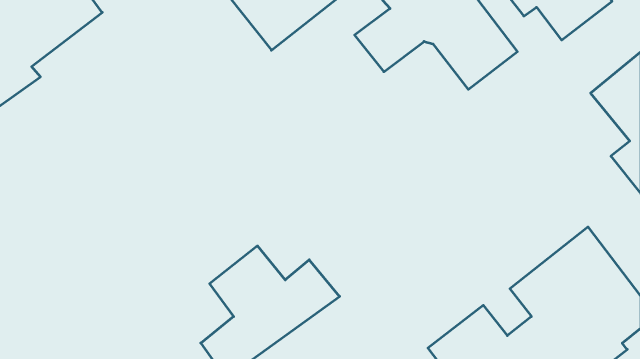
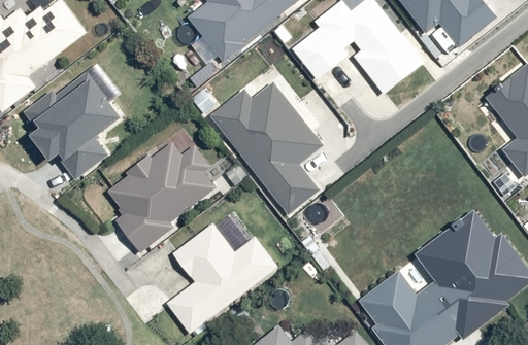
building: none -> [22,73,118,178]
building: none -> [209,82,324,215]
building: none -> [105,142,213,250]

